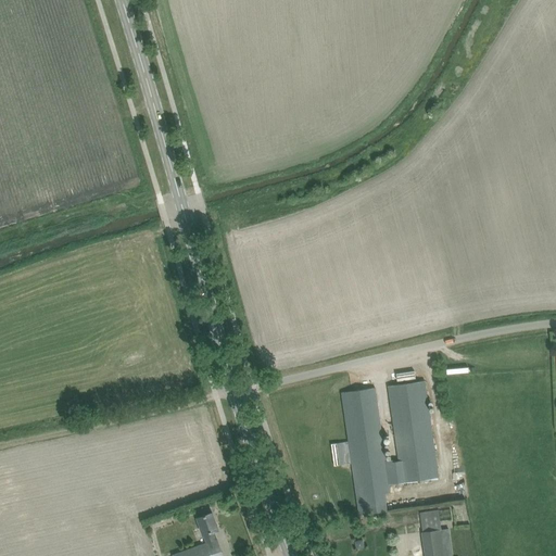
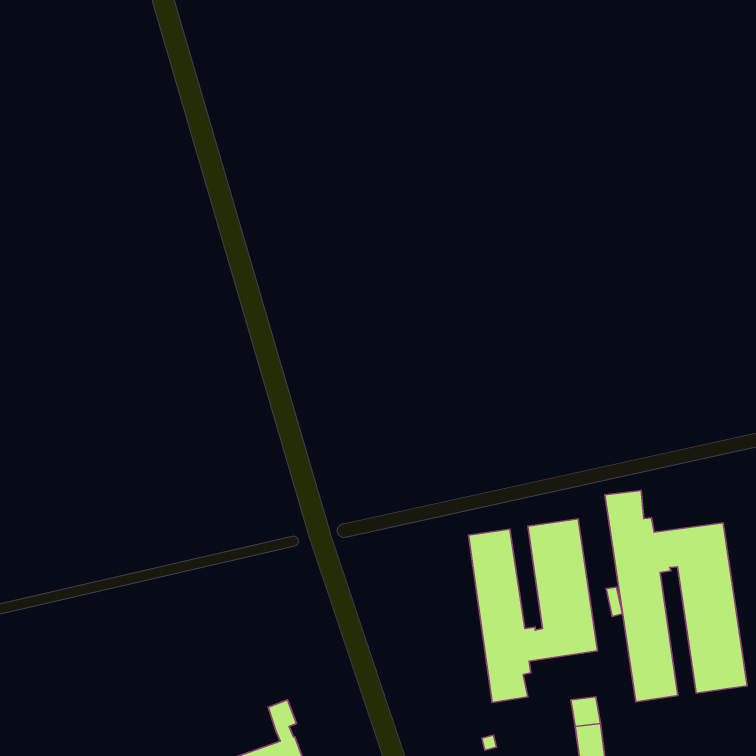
building: none -> [605,490,747,702]

